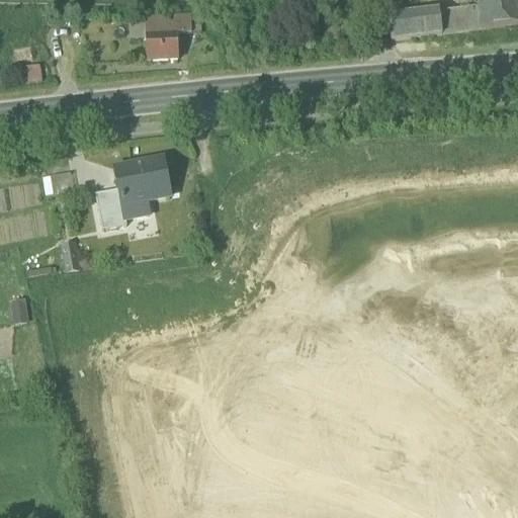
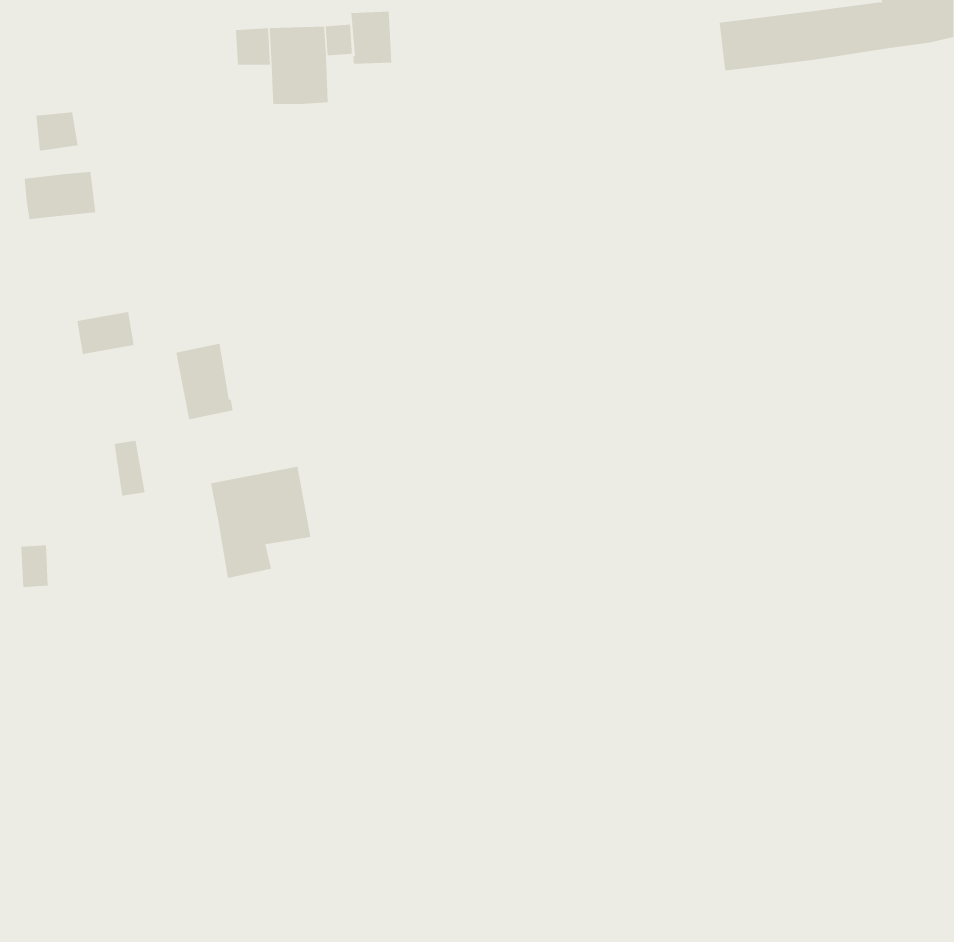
building: none -> [351,11,392,65]
building: none -> [24,171,96,220]
building: [115,156,170,217] -> [210,466,311,578]

